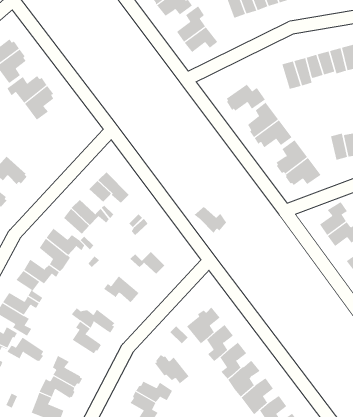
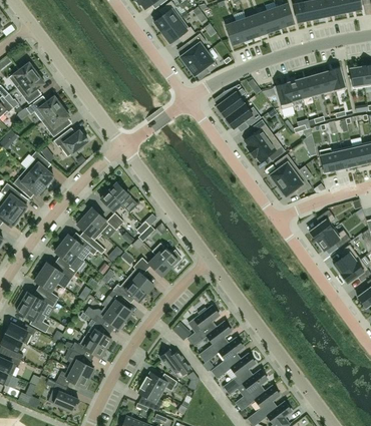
building: none -> [216,83,245,116]
building: none -> [54,129,88,156]
building: none -> [26,150,53,184]
building: [194,206,227,234] -> [151,243,181,268]
building: none -> [127,262,153,293]
building: none -> [102,289,132,320]
building: [7,337,44,361] -> [71,335,105,357]

